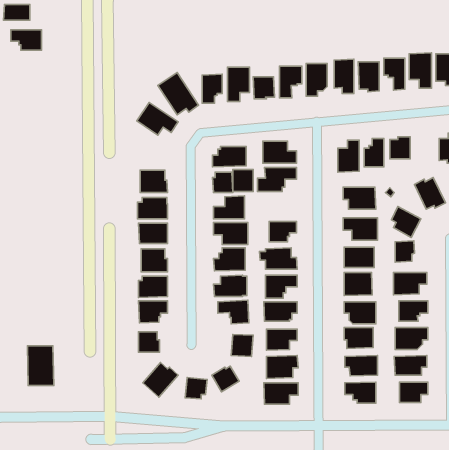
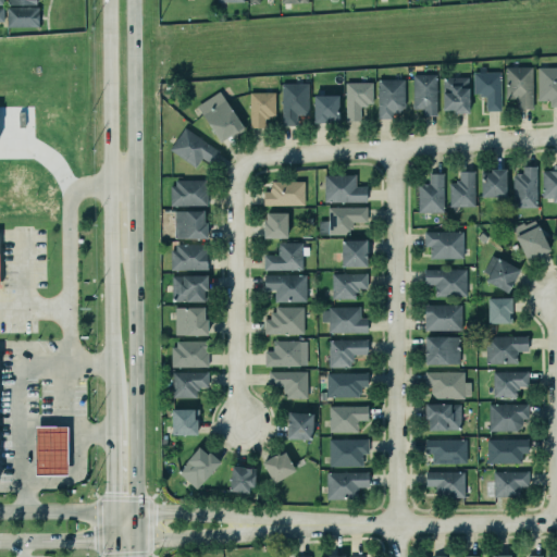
building: [11,30,41,50] -> none
building: none -> [515,166,539,208]
building: none -> [172,181,209,208]
building: [233,169,253,191] -> [343,240,368,268]

